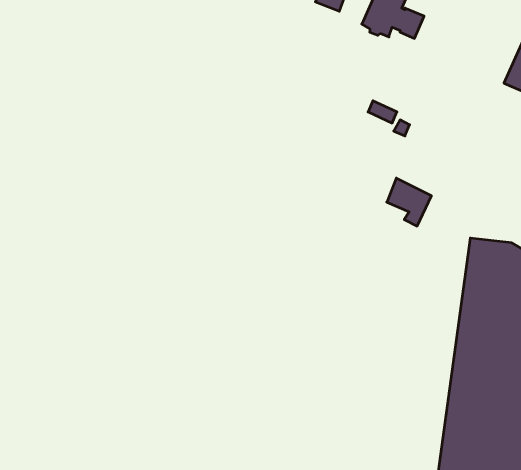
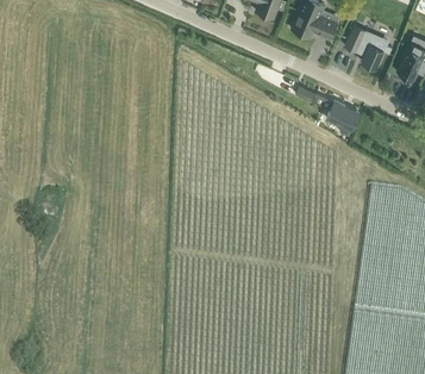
building: none -> [345,25,385,68]
building: [387,178,431,226] -> [326,100,360,136]

